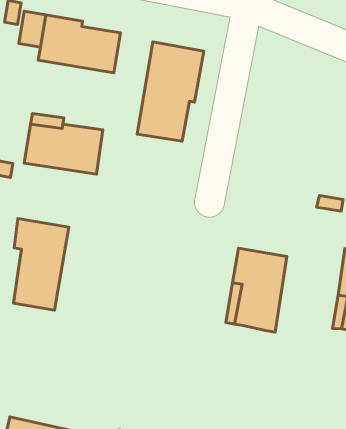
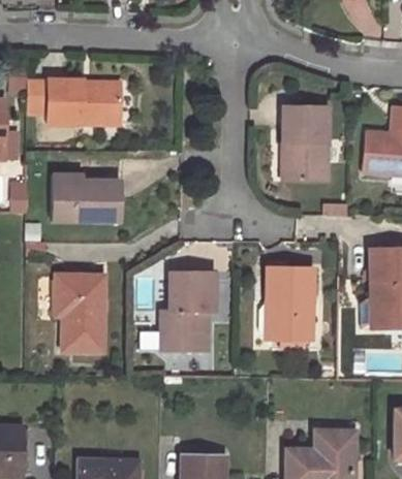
building: [137,42,204,141] -> none
building: none -> [276,107,321,180]
building: none -> [160,274,214,353]

